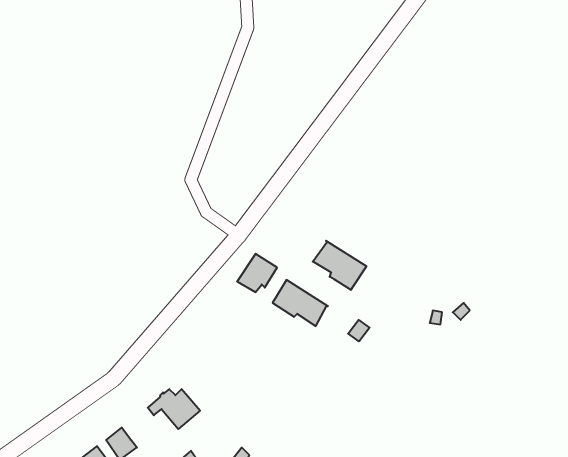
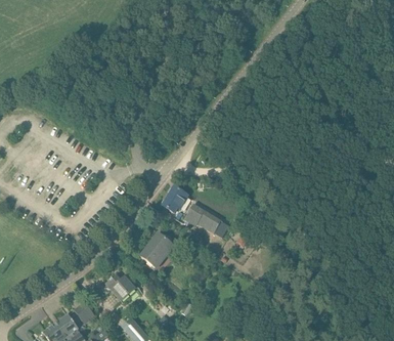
building: [313,241,366,290] -> none
building: none -> [140,232,174,268]

